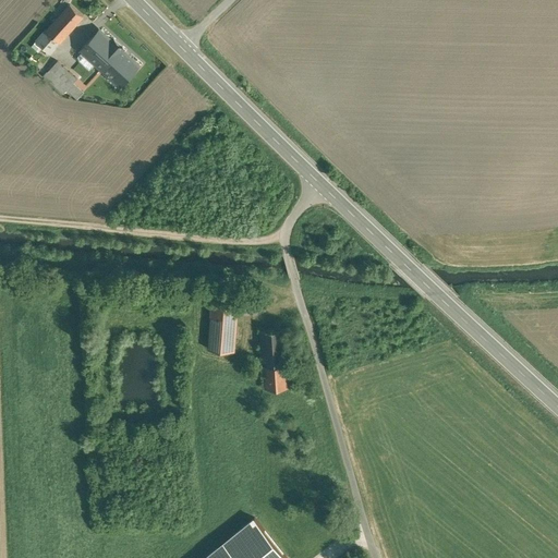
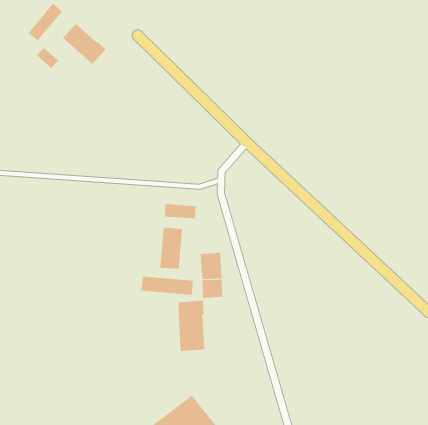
building: none -> [164,203,196,219]
building: none -> [141,276,193,296]
building: none -> [178,300,206,352]

